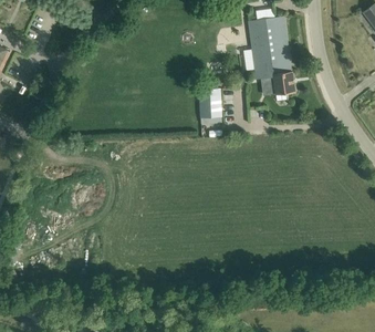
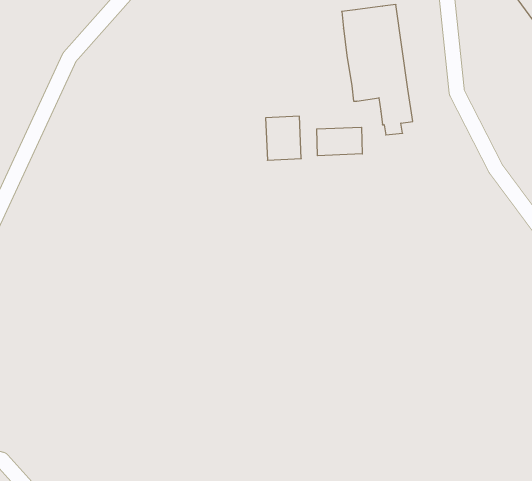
building: none -> [317,127,362,156]

